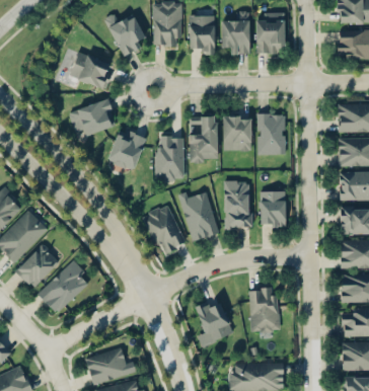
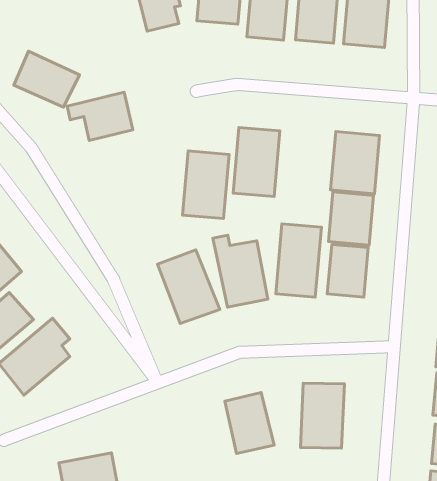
building: [70,52,115,88] -> [14,51,80,107]
building: [223,115,251,150] -> [328,192,374,245]
building: [108,128,146,170] -> none

